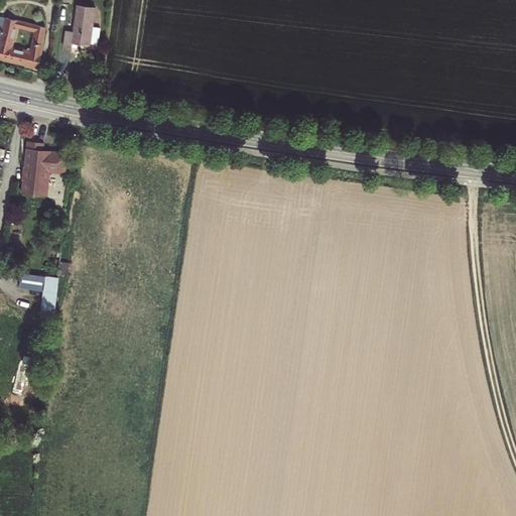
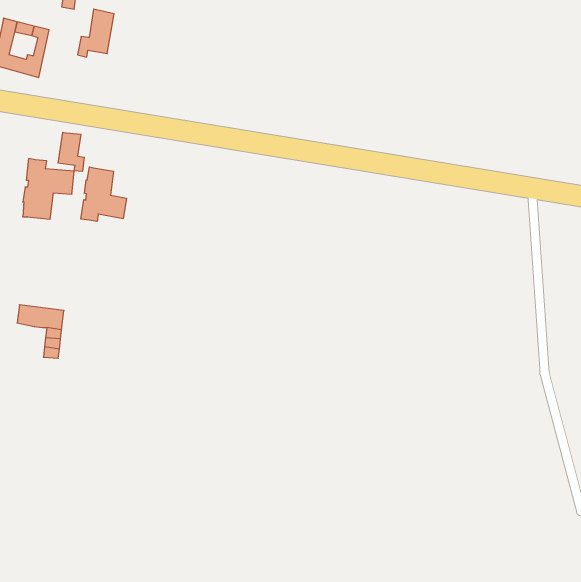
building: none -> [58,132,84,171]
building: none -> [81,167,126,221]

